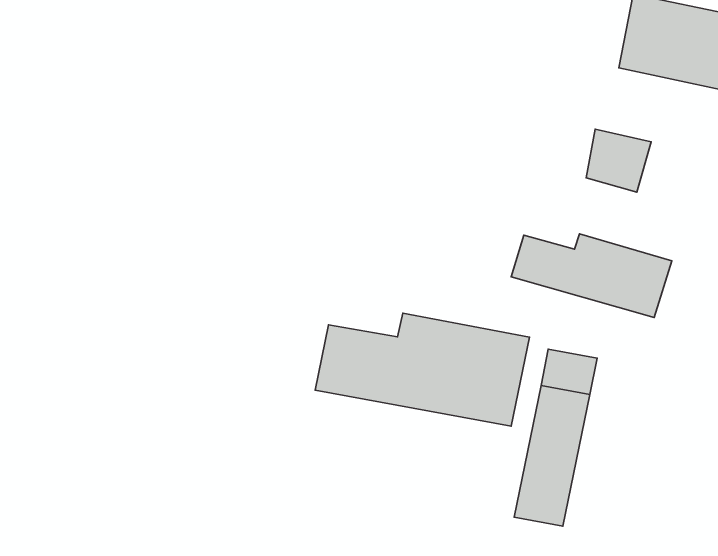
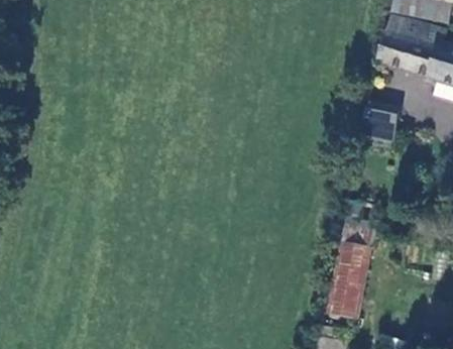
building: [511,234,672,318] -> none
building: [315,313,529,426] -> none

